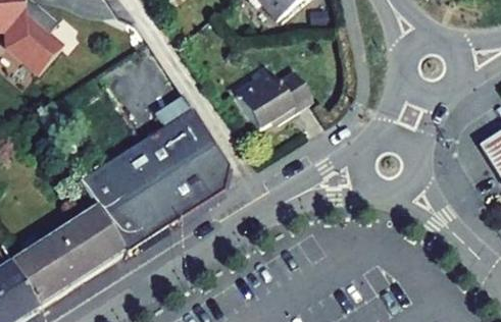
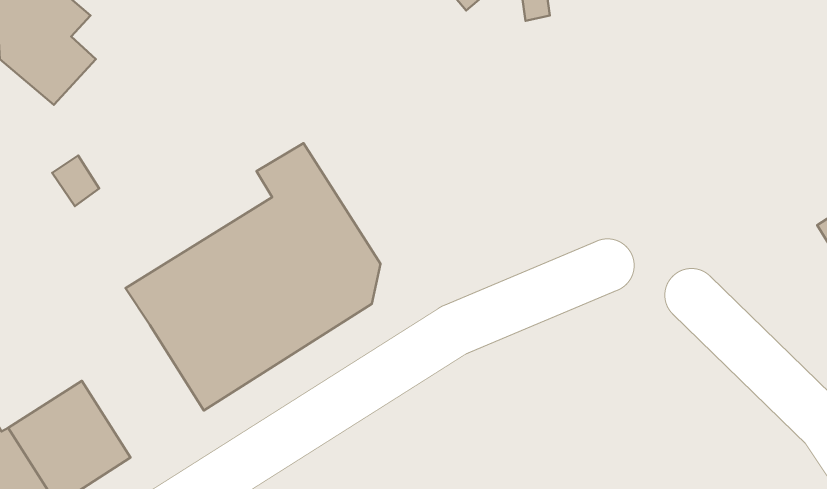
building: [236,70,313,130] -> none
building: [52,202,123,279] -> none

